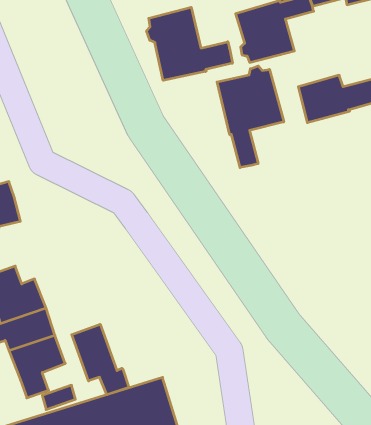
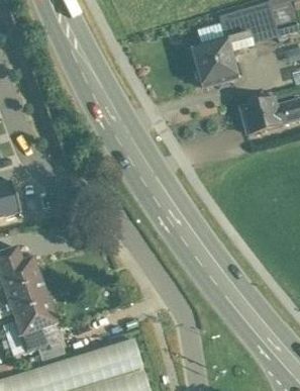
building: [147,7,232,80] -> none
building: [217,66,284,168] -> none
building: [72,324,129,395] -> none

